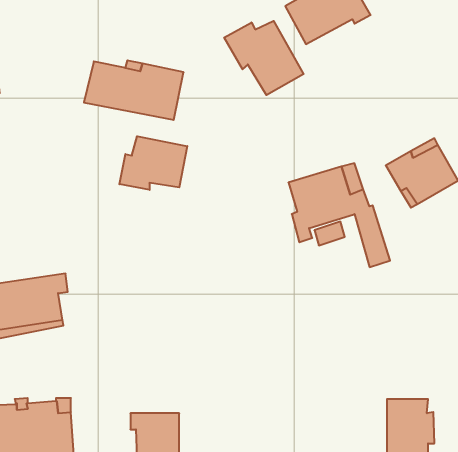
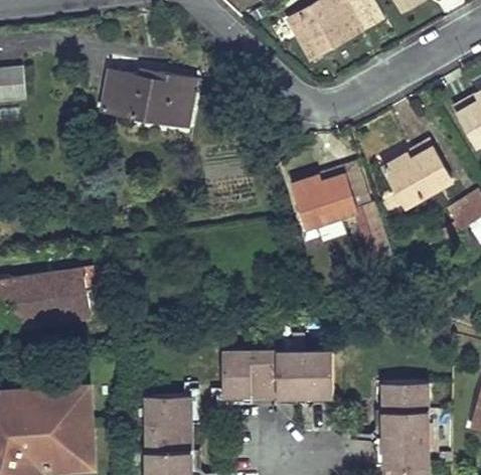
building: [224,21,304,95] -> none
building: [119,136,187,190] -> none
building: none -> [221,352,332,397]

